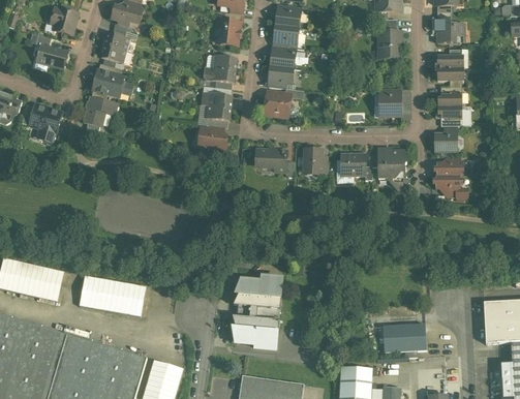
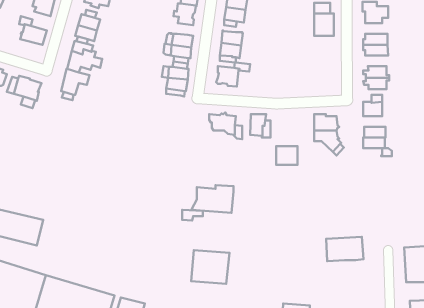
building: [378,94,400,115] -> none
building: [200,130,225,149] -> none
building: [340,153,365,175] -> [276,146,298,165]
building: [233,276,281,308] -> [191,185,233,213]
building: [81,278,148,319] -> none
building: [383,324,426,351] -> [326,237,364,261]

